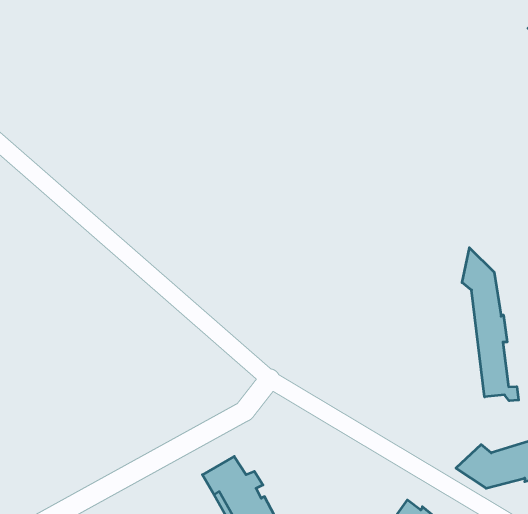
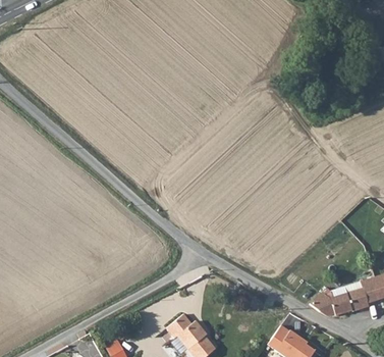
building: [462,248,519,401] -> none

